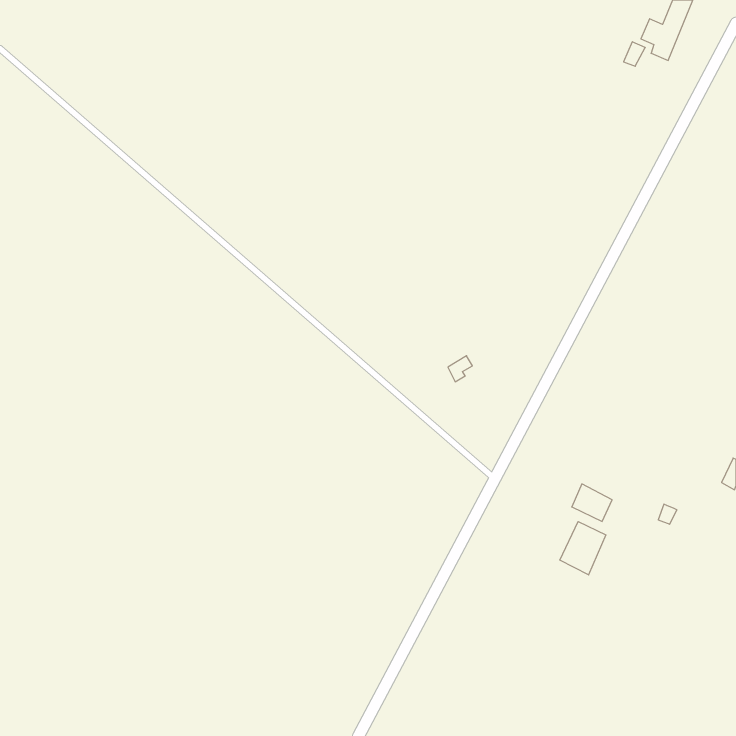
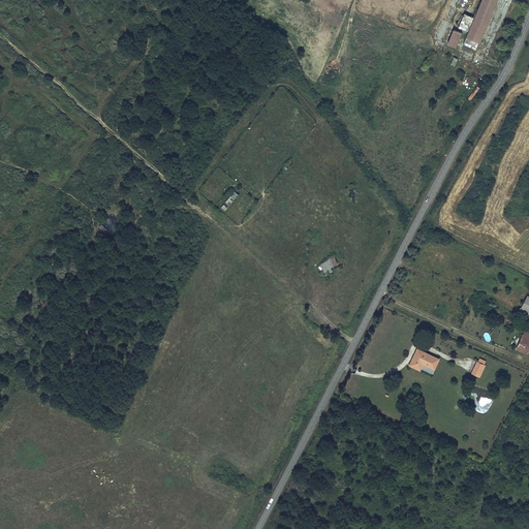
building: [560,522,606,575] -> none

